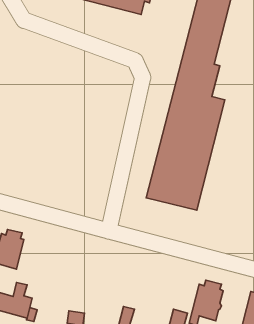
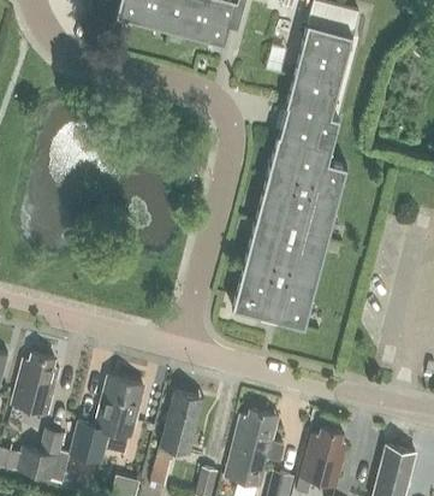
building: none -> [69,379,143,465]
building: none -> [148,392,202,488]
building: none -> [224,411,278,488]

